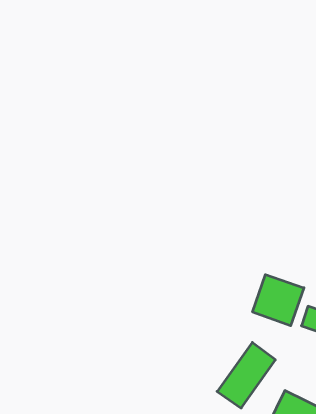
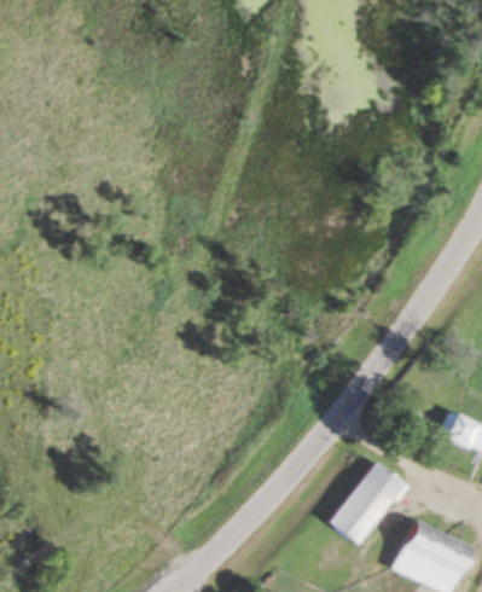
building: [253,275,304,326] -> none

